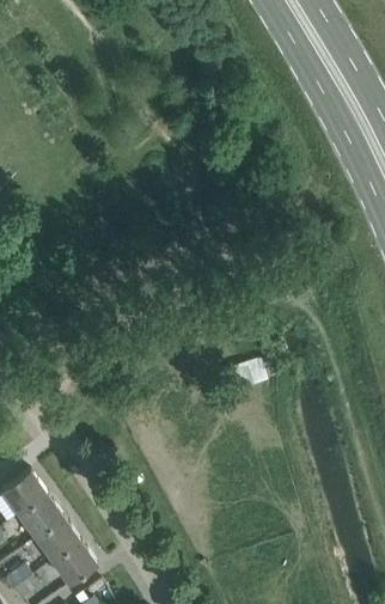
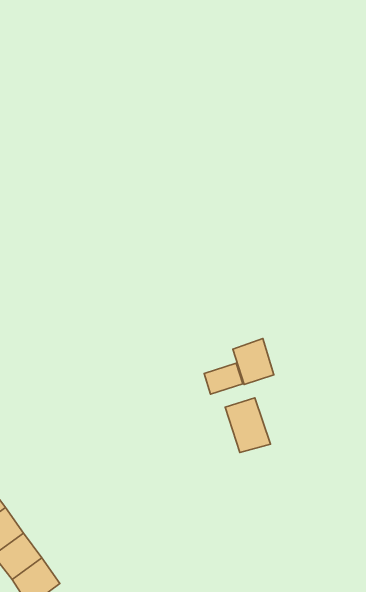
building: none -> [233,339,274,384]
building: none -> [225,398,271,453]

